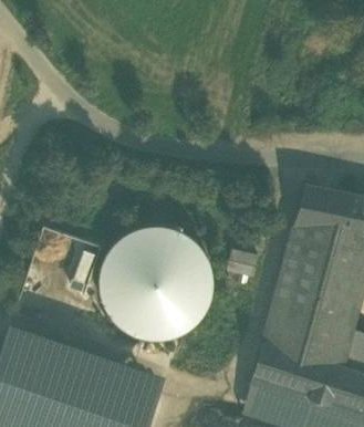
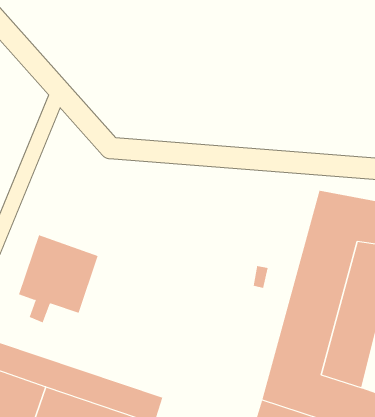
building: [100,228,211,340] -> none

